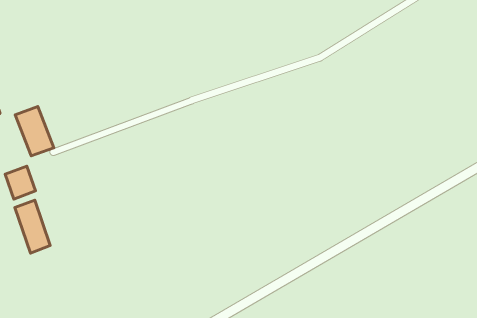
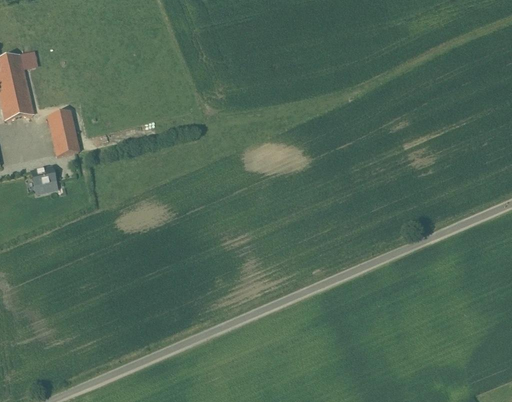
building: [15,200,50,253] -> none

